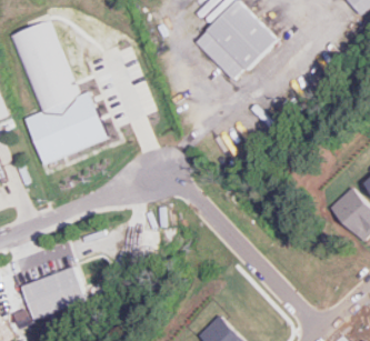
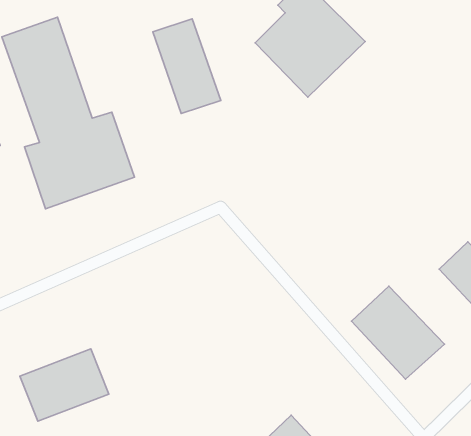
building: none -> [153,19,221,113]
building: none -> [352,286,445,379]

